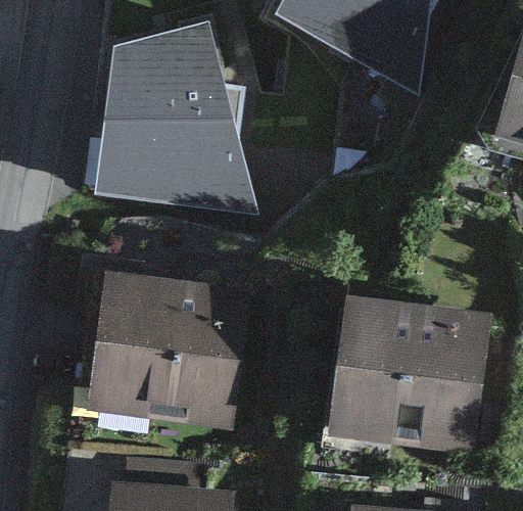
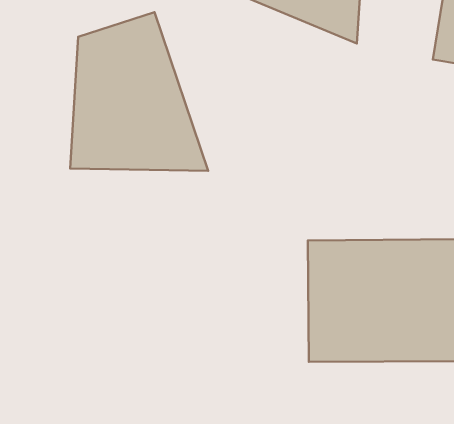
building: [94,289,235,425] -> none

